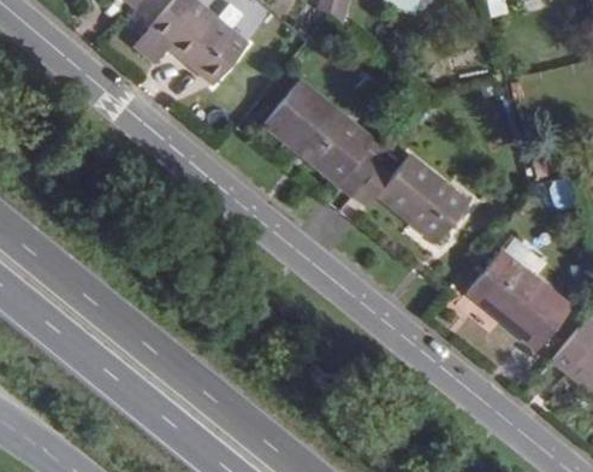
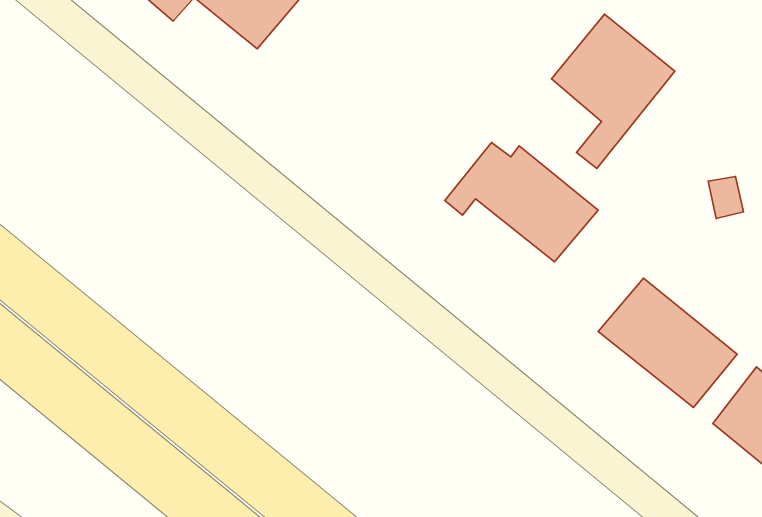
building: none -> [552,14,675,168]
building: [265,81,389,195] -> none

